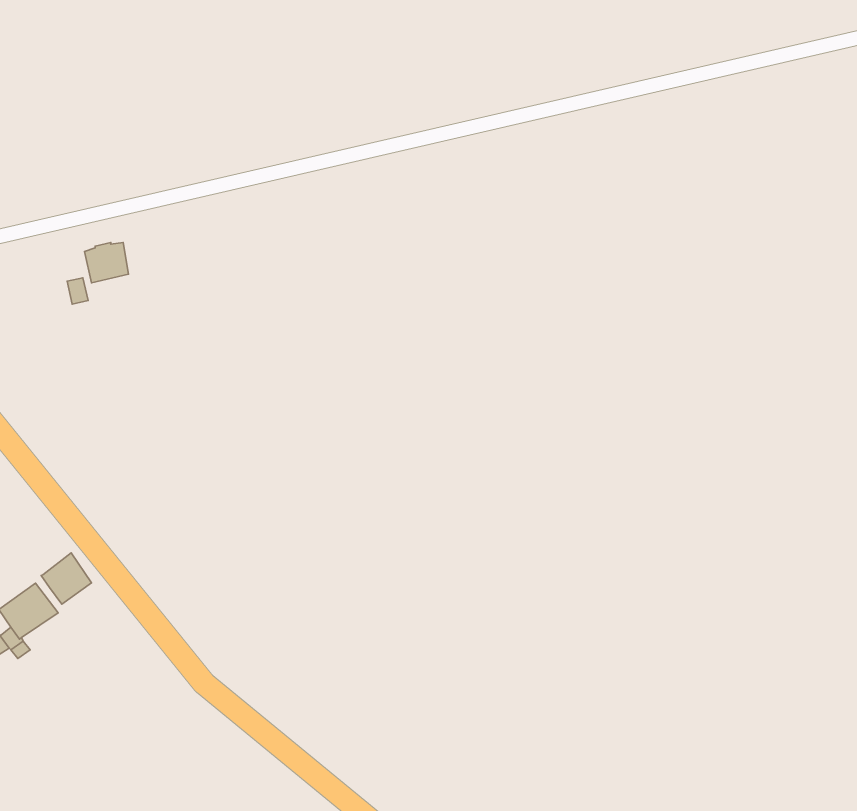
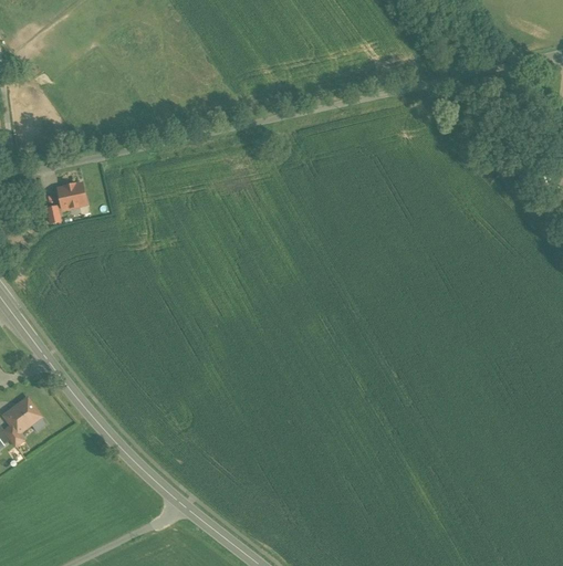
building: [41,553,92,604] -> none

